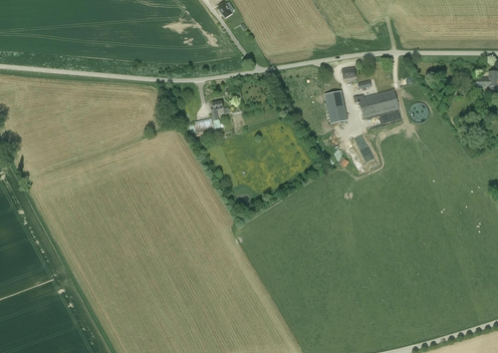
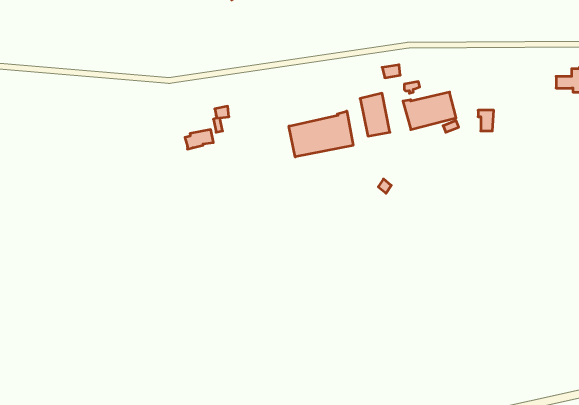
building: none -> [289,111,353,157]

